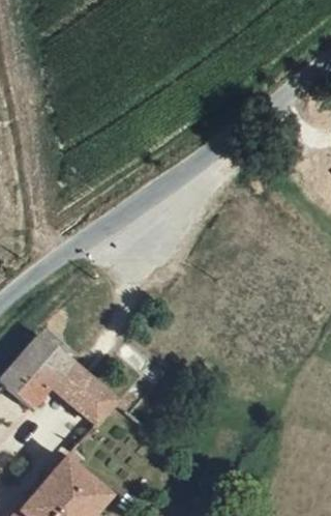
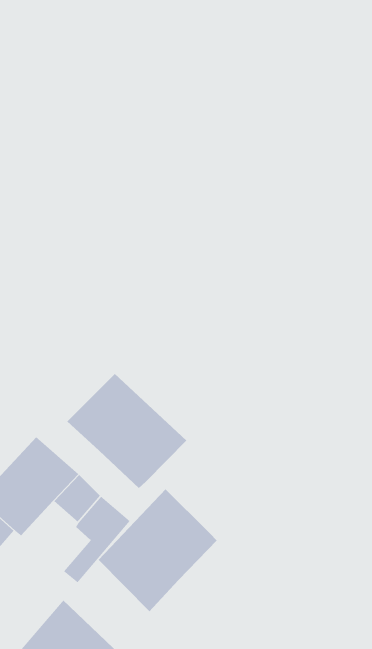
building: none -> [67,373,187,489]
building: none -> [98,488,217,612]

